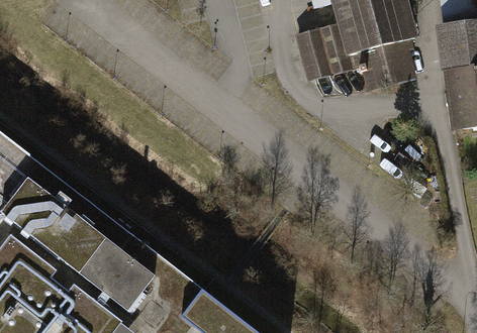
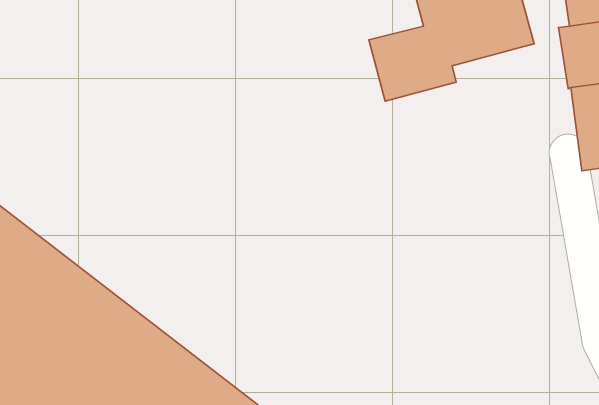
building: [357,40,416,91] -> none

